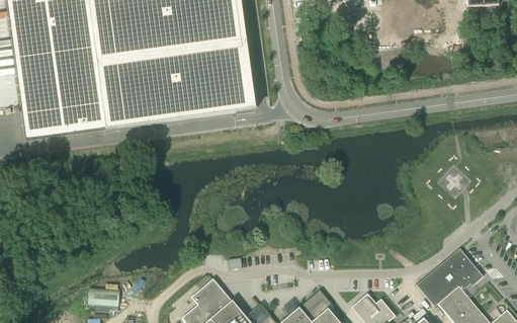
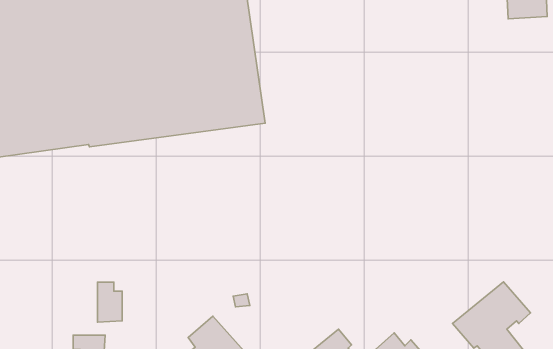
building: none -> [97,282,122,322]

